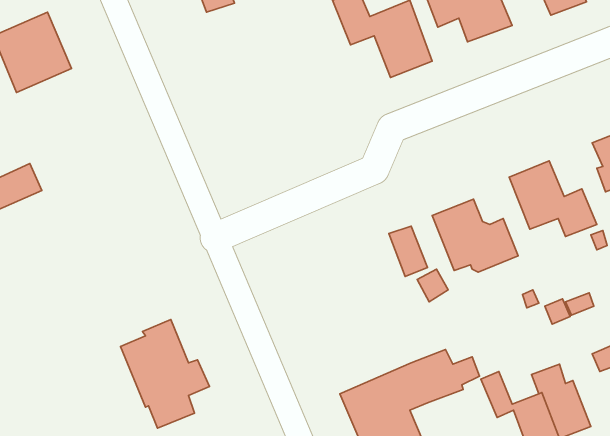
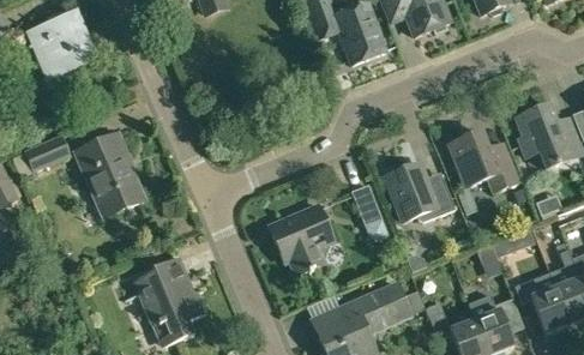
building: none -> [74,132,144,217]
building: none -> [269,204,335,275]

